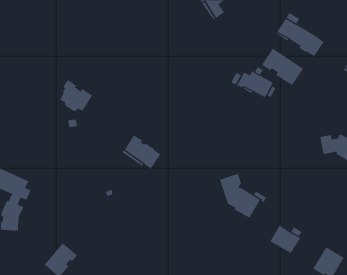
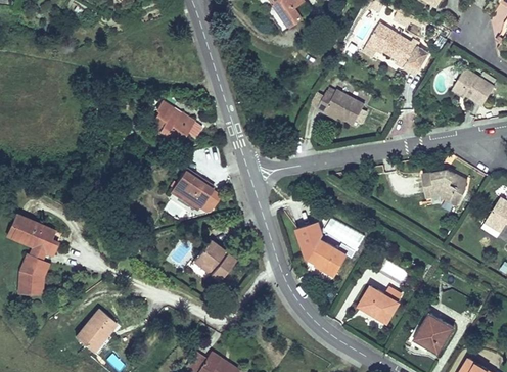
building: [261,48,304,86] -> none
building: [59,79,93,112] -> [152,101,195,142]
building: none -> [192,239,236,281]

